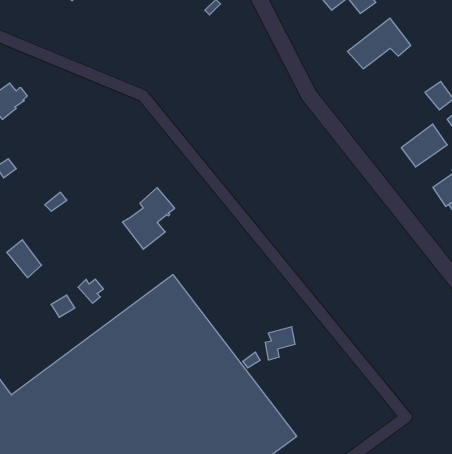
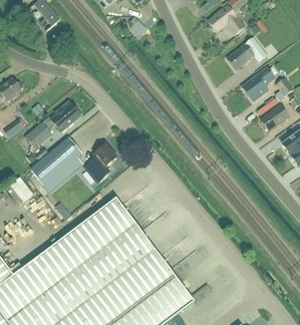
building: none -> [242,67,273,99]
building: none -> [25,100,79,146]
building: none -> [31,137,82,191]

